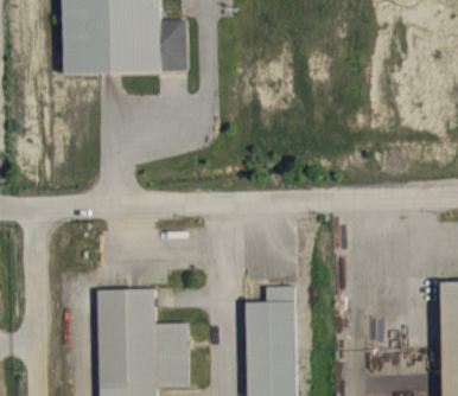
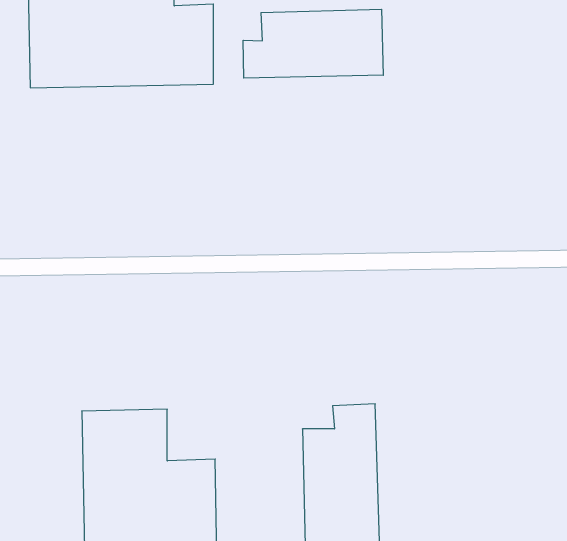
building: none -> [243,9,383,78]

